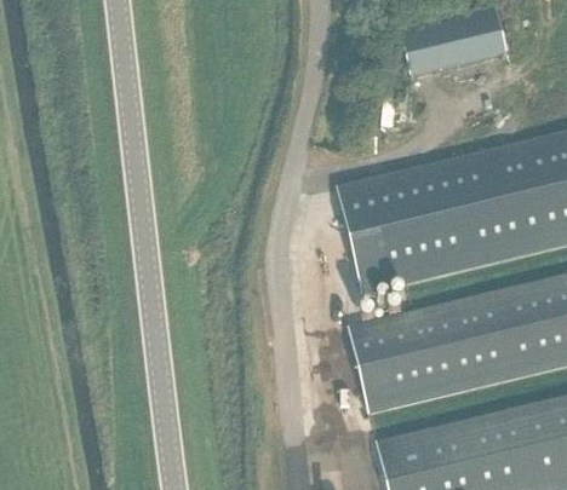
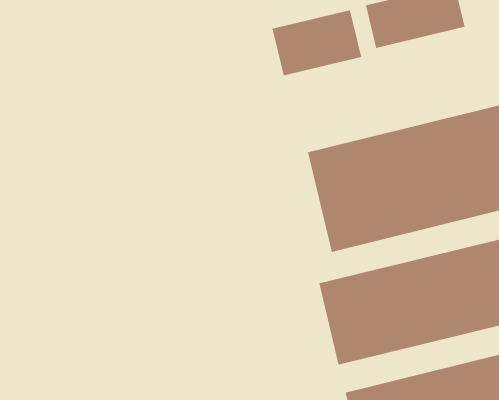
building: none -> [272,9,362,76]

